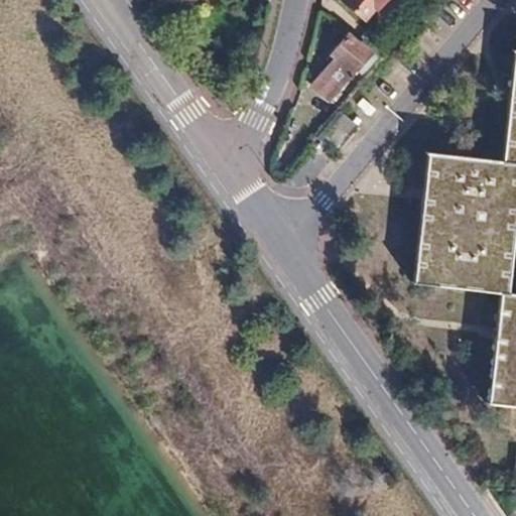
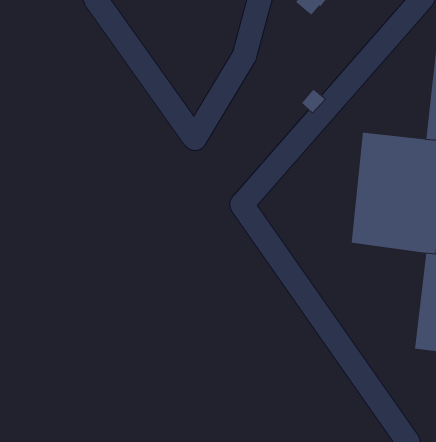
building: [320,33,378,99] -> none

